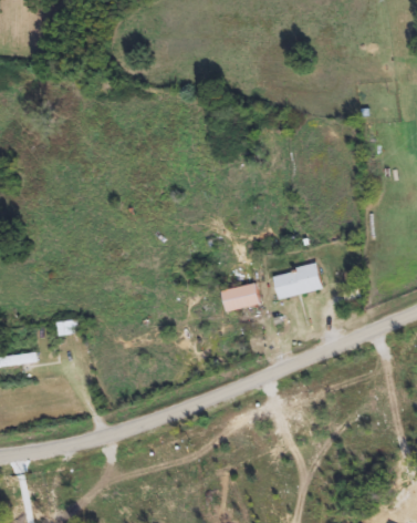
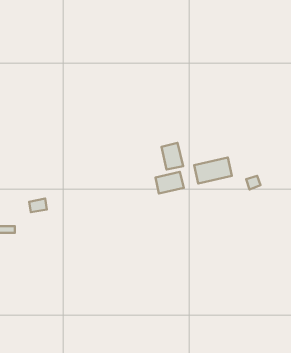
building: none -> [161,143,183,169]

